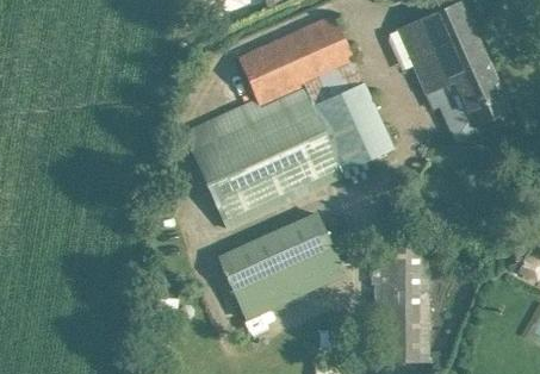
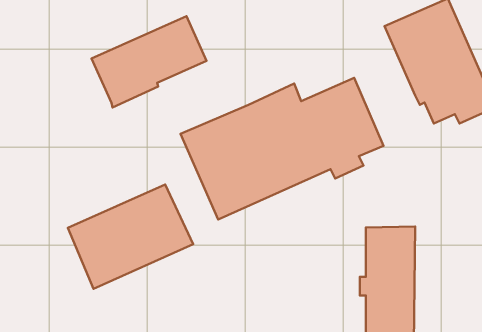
building: [237,15,354,108] -> [91,16,206,108]
building: [216,210,343,316] -> [68,185,193,289]

